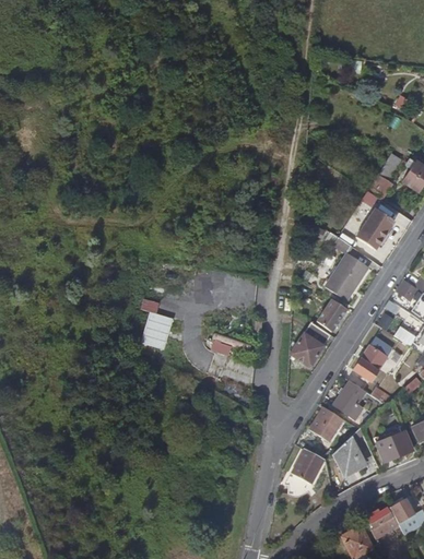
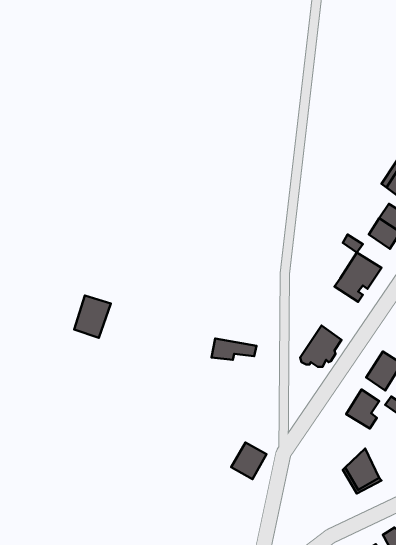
building: [317,300,346,332] -> none
building: [140,310,174,349] -> [74,295,111,338]
building: [309,406,343,442] -> none
building: [290,449,322,483] -> [231,442,267,479]

